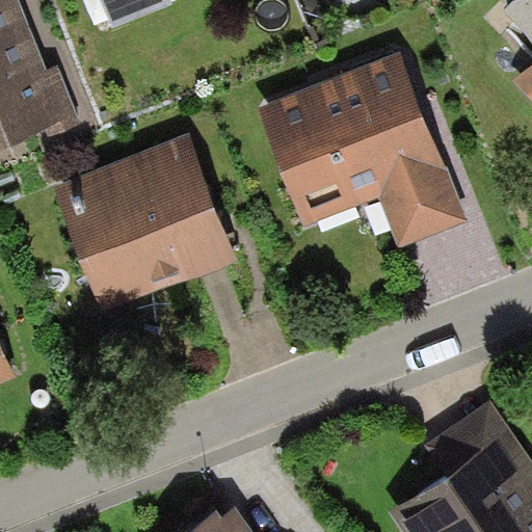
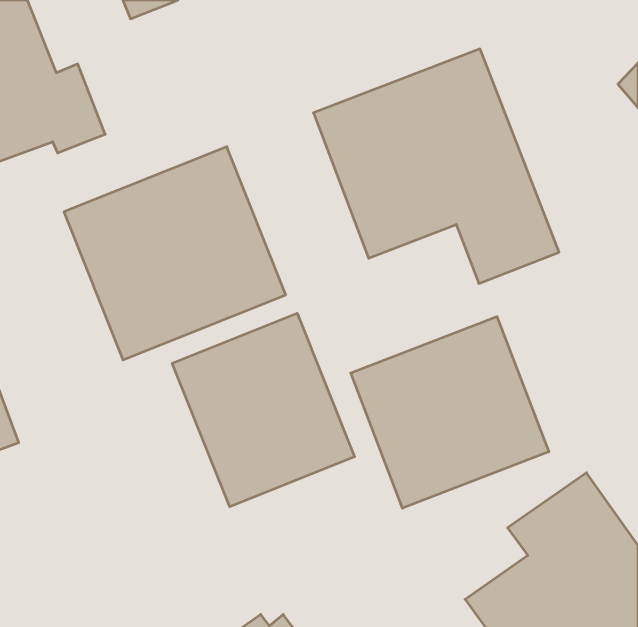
building: none -> [172,313,355,507]
building: none -> [351,317,549,508]

